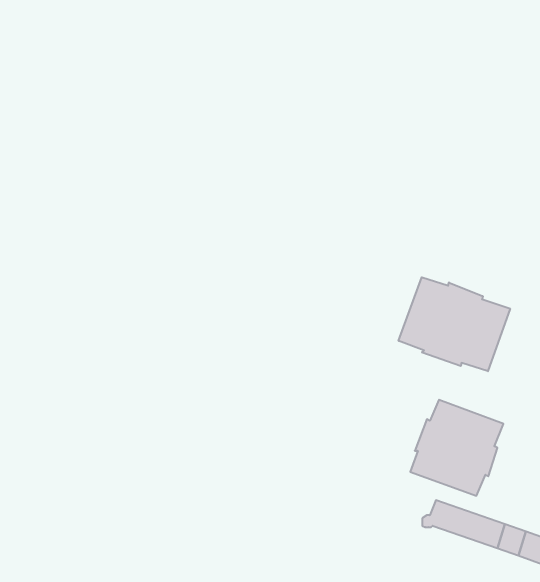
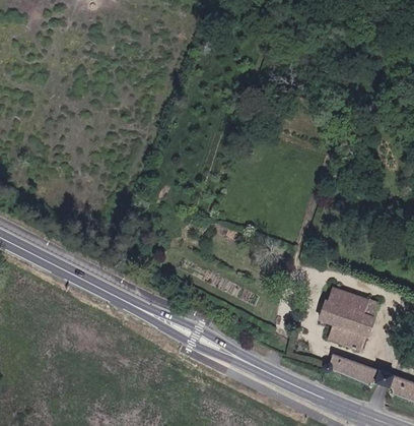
building: [399,277,510,371] -> none

